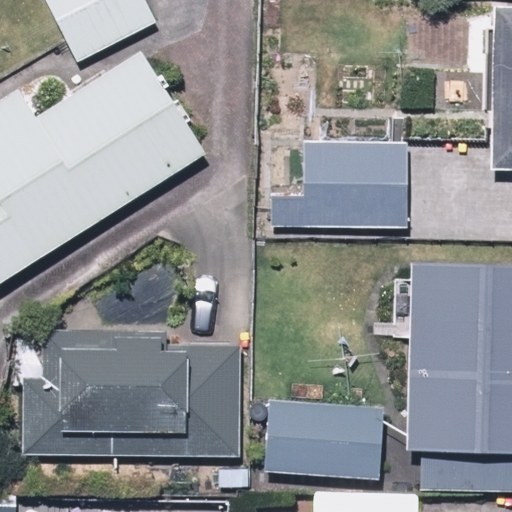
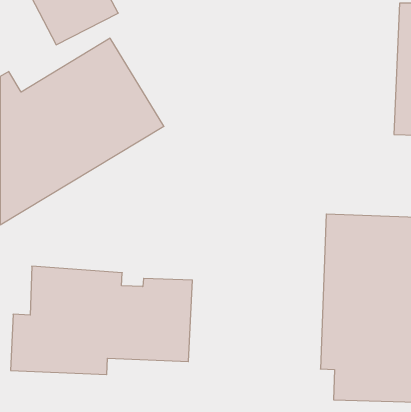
building: [269,138,412,232] -> none
building: [256,400,383,479] -> none

